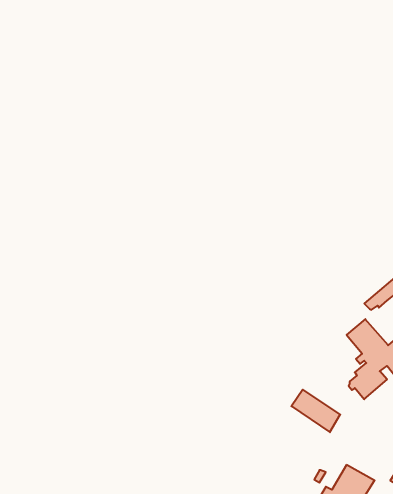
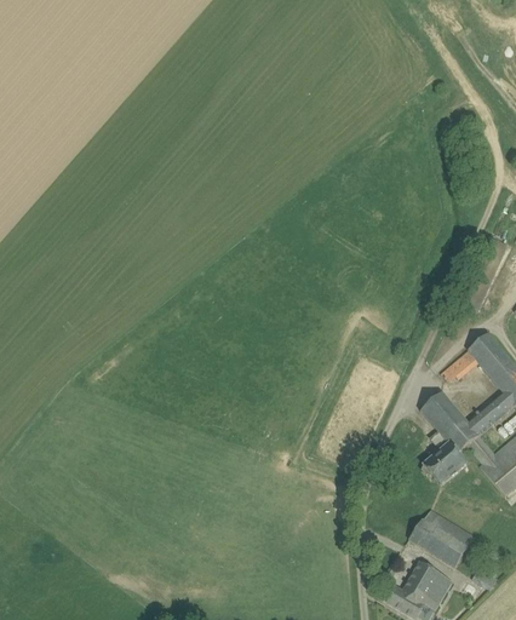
building: [291,390,340,432] -> [409,518,466,568]

